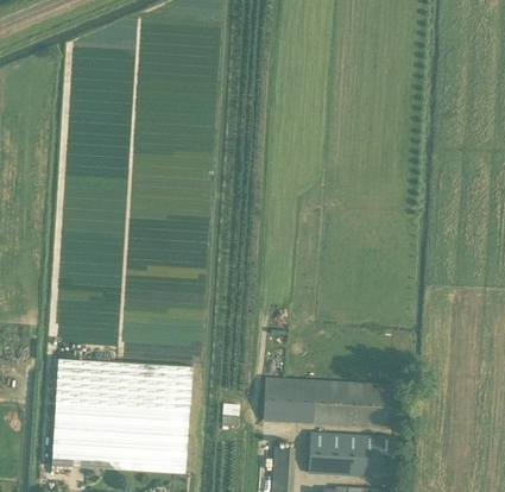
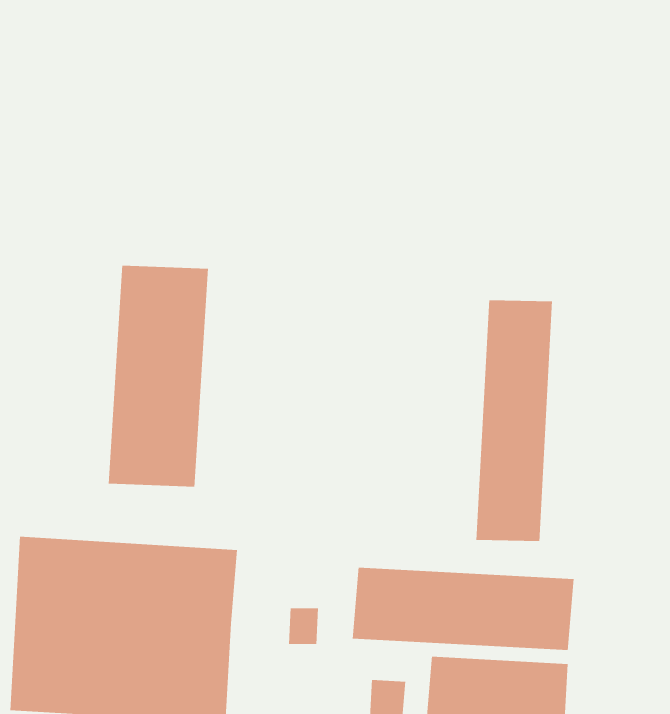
building: none -> [108,265,208,488]
building: none -> [476,300,553,542]

